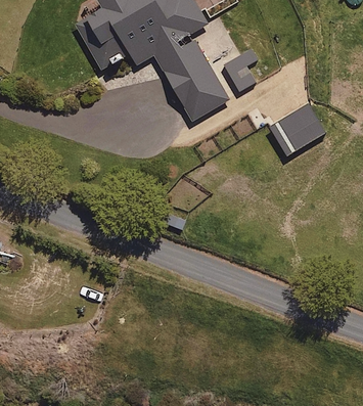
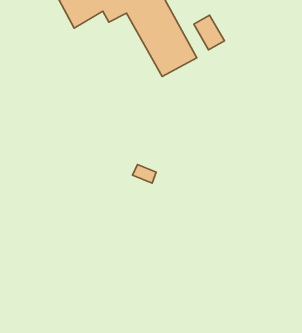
building: [270,107,325,160] -> none

